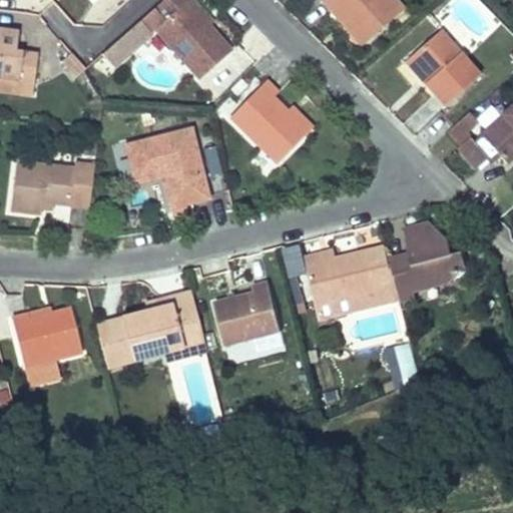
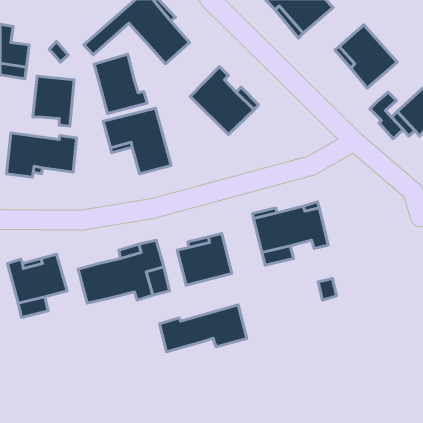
building: none -> [94,54,147,113]
building: none -> [33,76,74,126]
building: [390,223,467,301] -> none
building: none -> [159,305,247,352]

